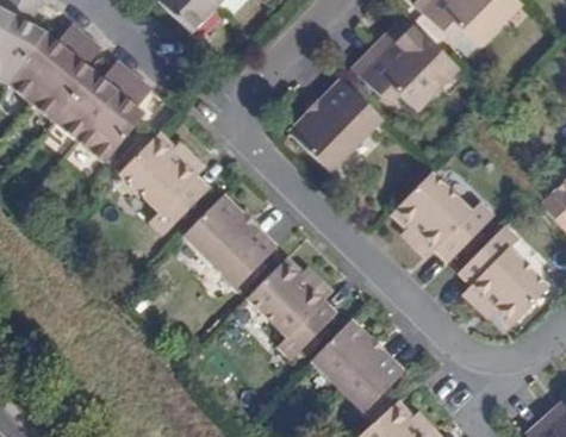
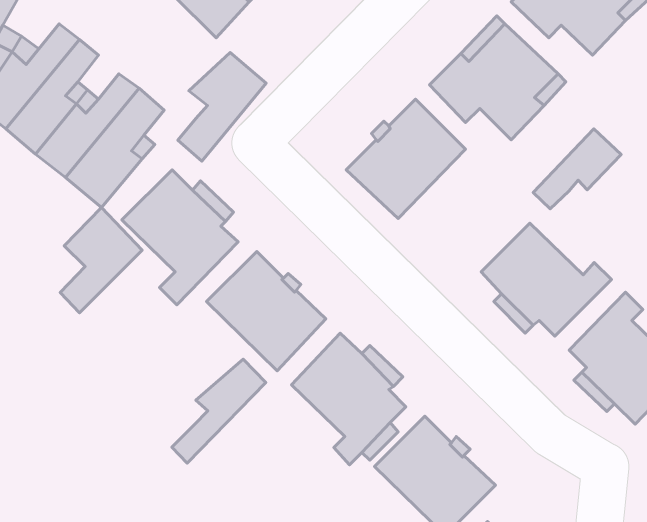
building: none -> [178,53,266,161]
building: none -> [533,129,621,209]
building: none -> [60,207,142,313]
building: none -> [172,359,266,463]

